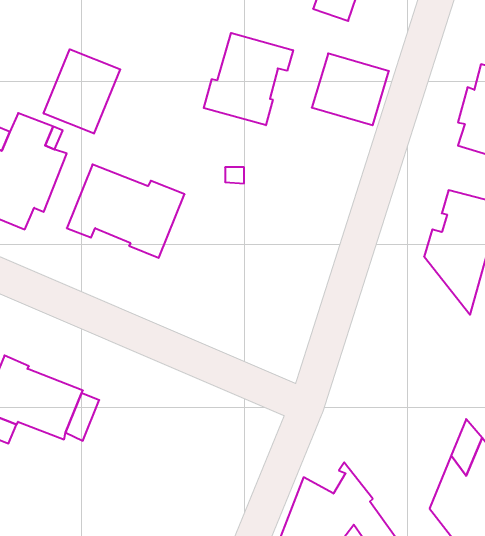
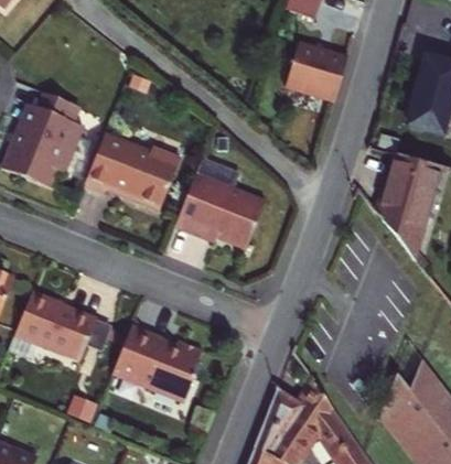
building: [204,33,293,125] -> none
building: [44,49,120,134] -> none
building: none -> [175,173,266,248]
building: none -> [112,325,202,402]

